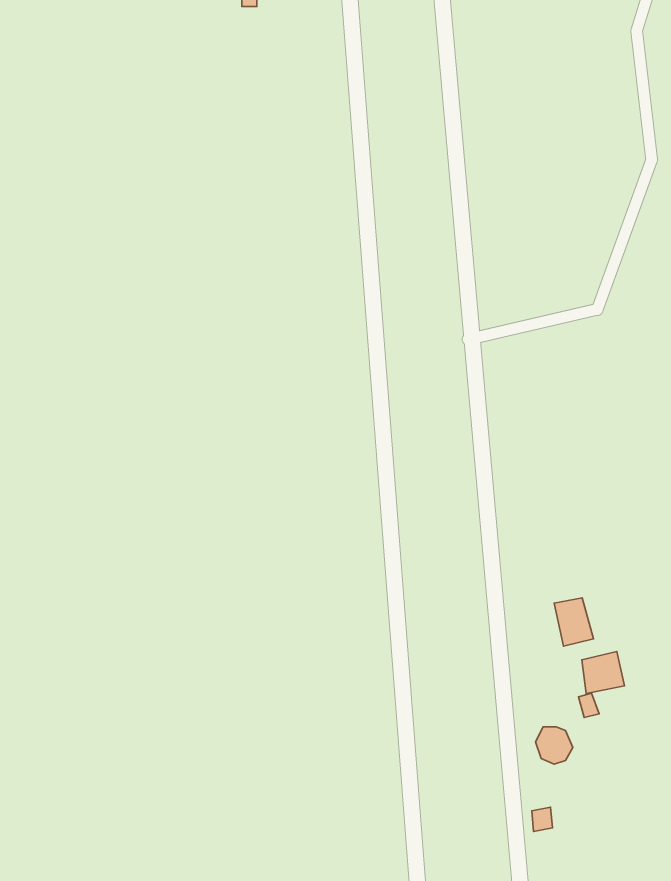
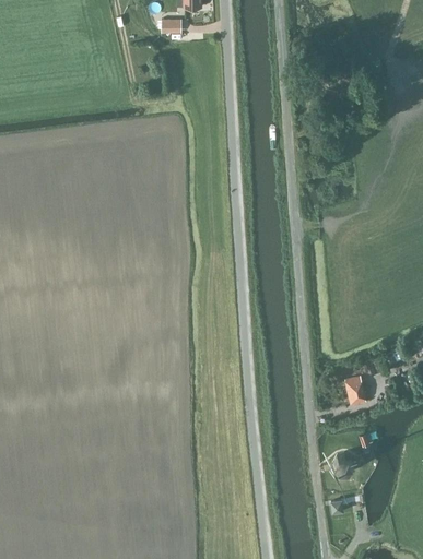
building: [582,652,624,693] -> none

